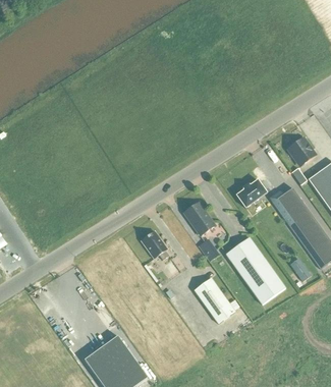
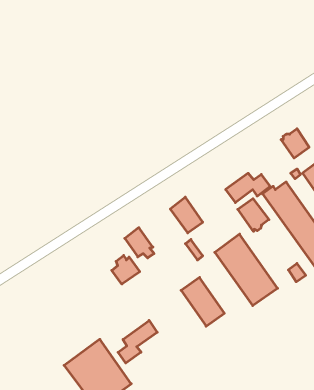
building: none -> [238,199,269,231]
building: none -> [112,255,140,284]
building: none -> [118,320,157,363]

